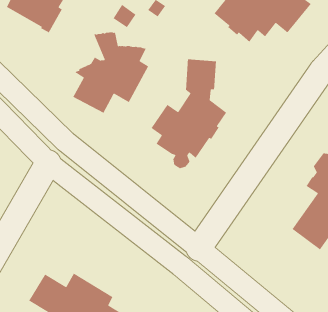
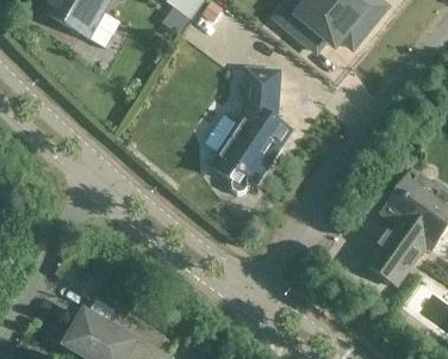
building: [72,31,149,114] -> none

